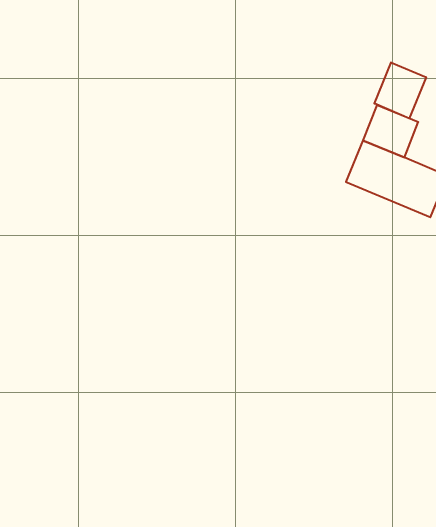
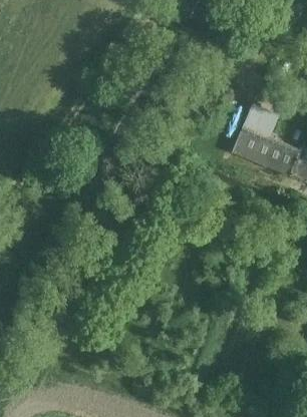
building: [374,62,426,118] -> none

